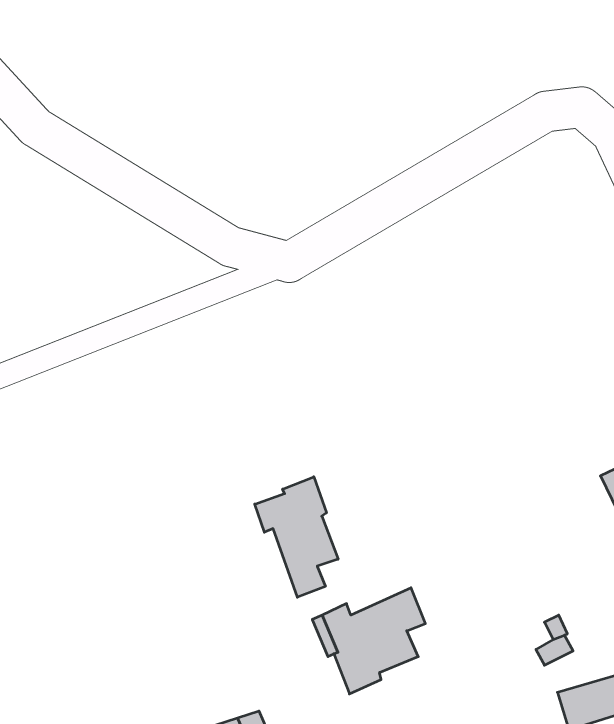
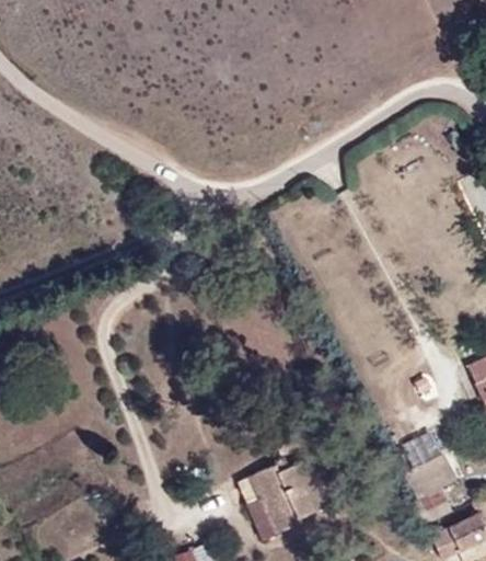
building: [255,477,338,597] -> none

